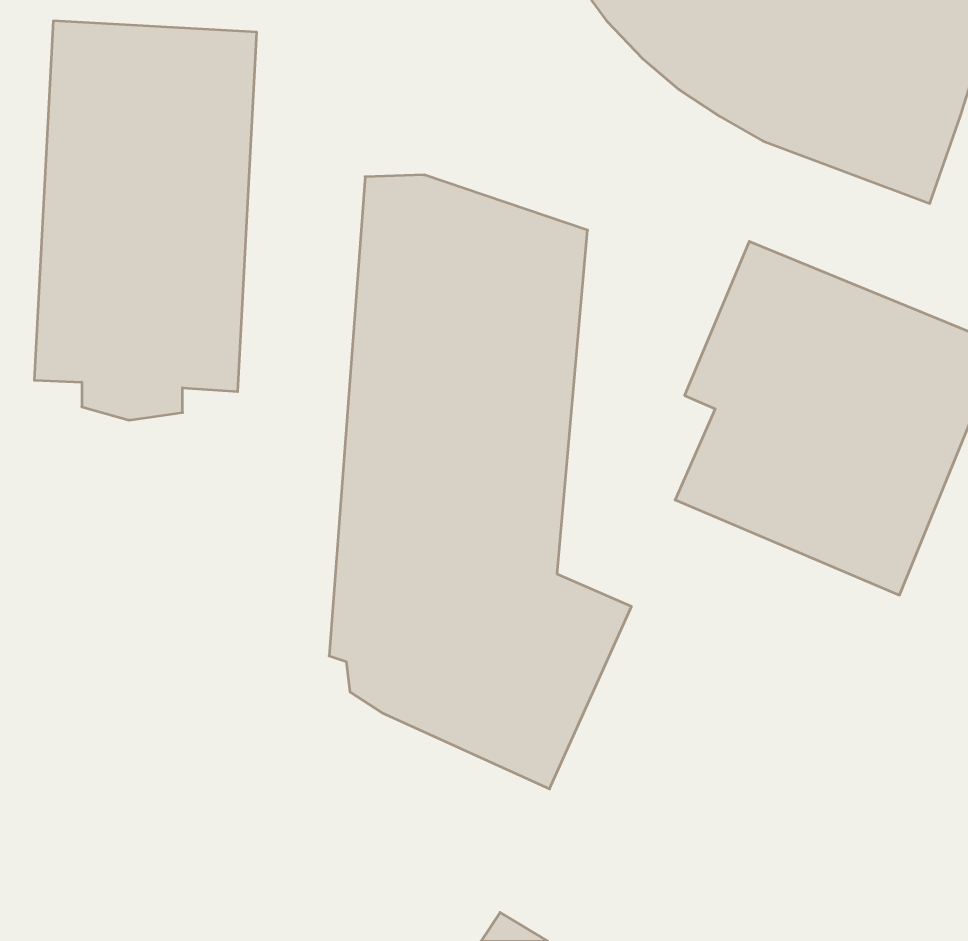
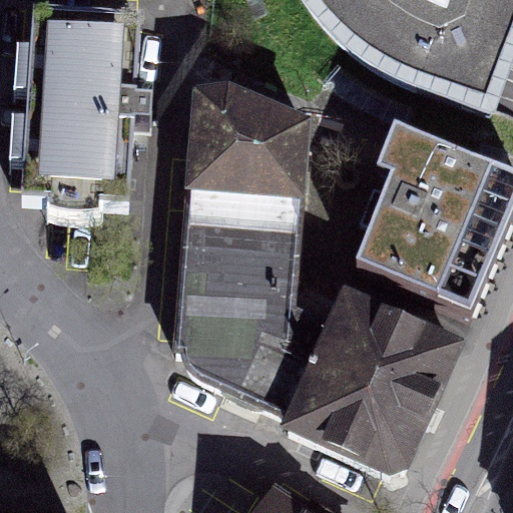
building: none -> [292,304,451,464]

